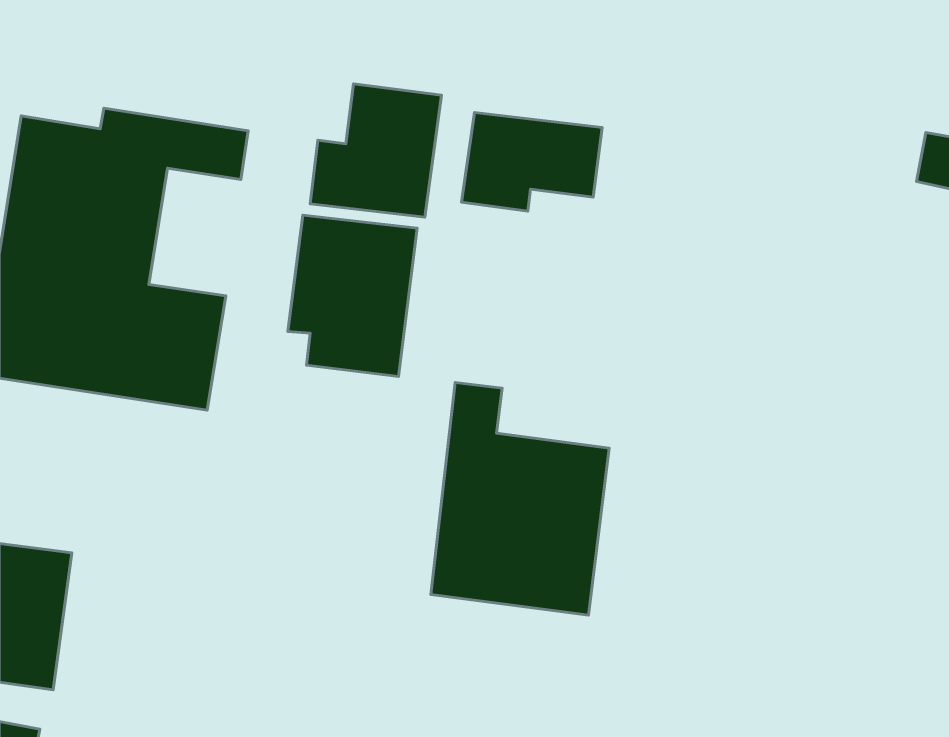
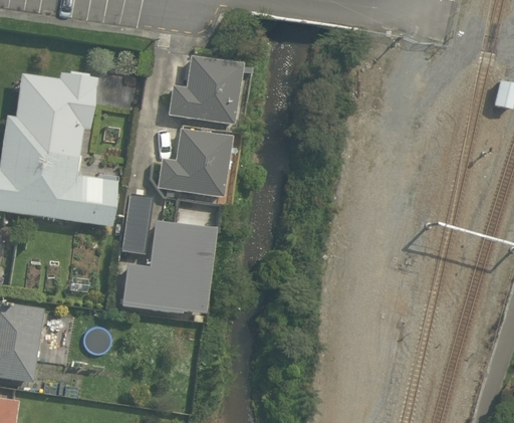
building: [461,112,602,211] -> none
building: [431,383,609,615] -> [119,192,215,316]

